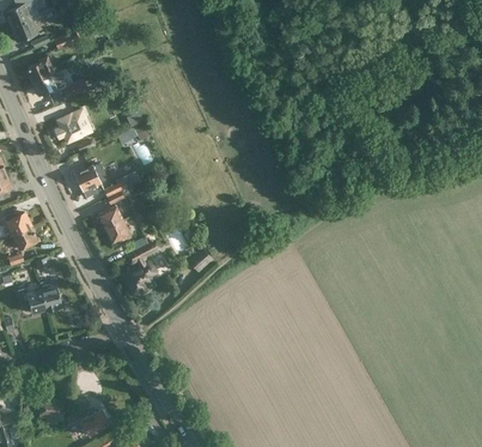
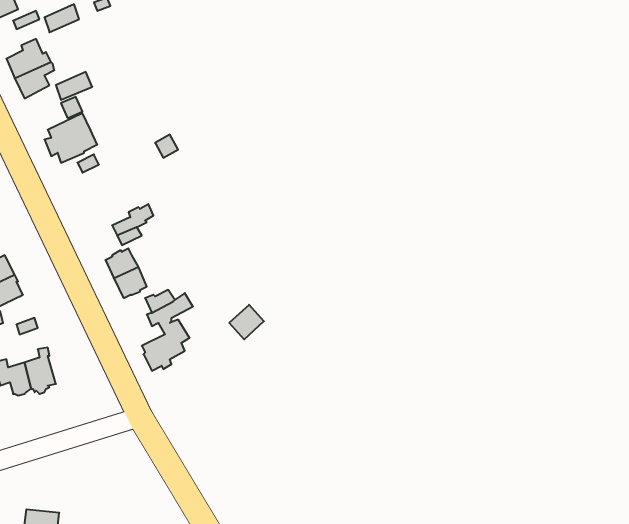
building: [73,163,106,198] -> none

